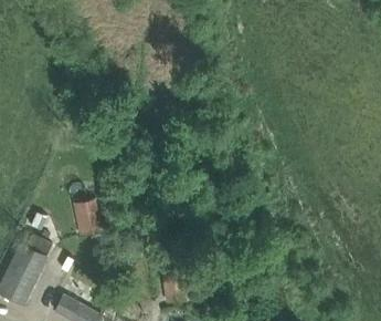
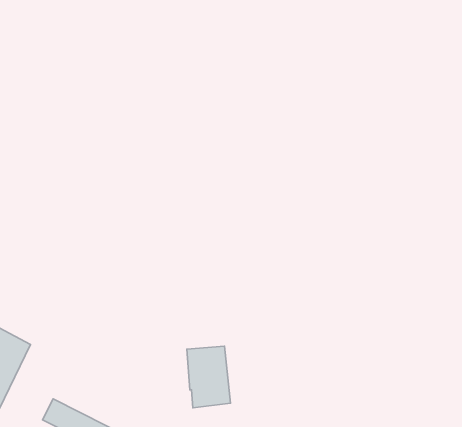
building: [72,198,102,235] -> none

